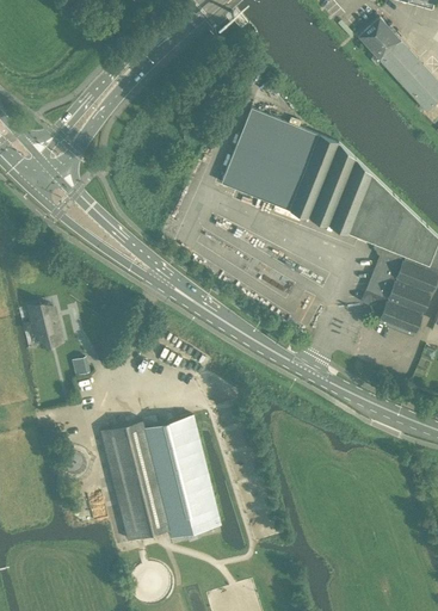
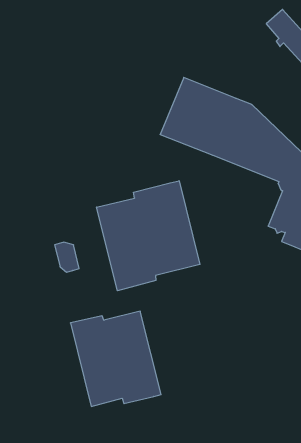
building: none -> [97,181,200,291]
building: [29,304,61,344] -> [55,242,79,272]

